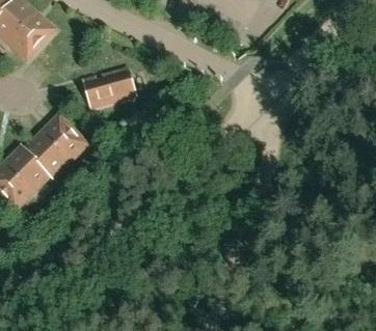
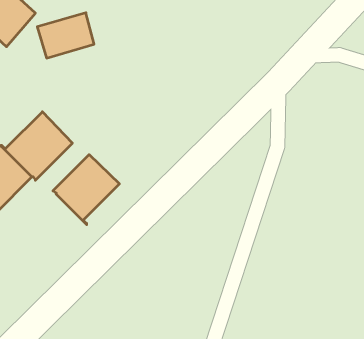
building: [84,65,135,106] -> [37,13,94,58]
building: none -> [53,155,119,225]

